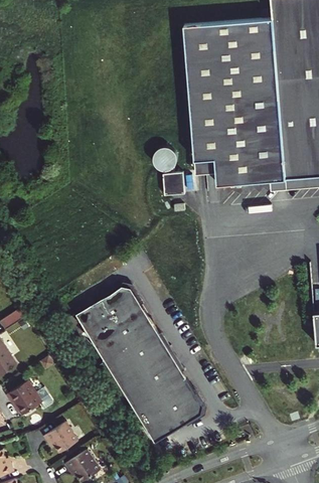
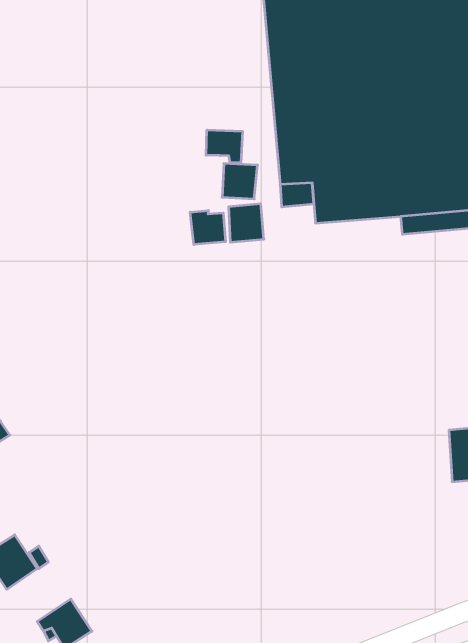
building: none -> [206,130,242,163]
building: none -> [190,210,226,245]
building: [81,288,205,443] -> none

